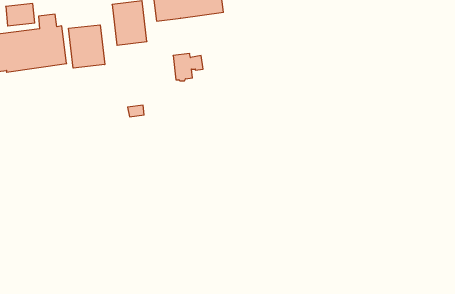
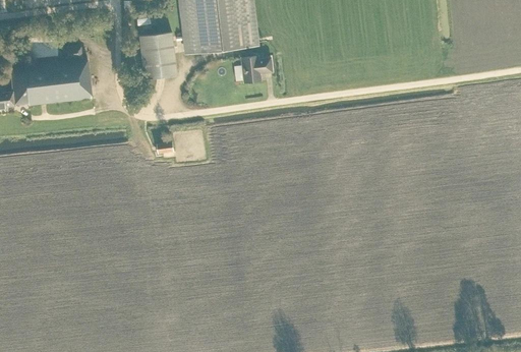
building: [69,25,105,68] -> none
building: [173,54,203,81] -> [240,55,272,83]

